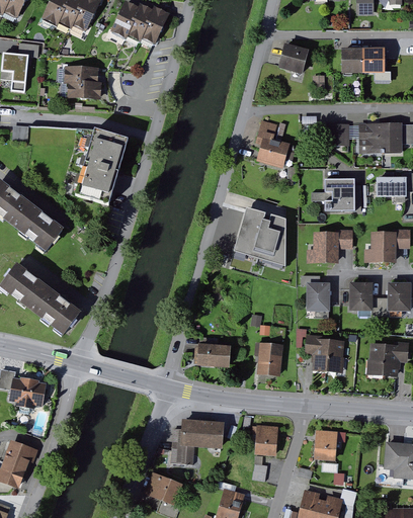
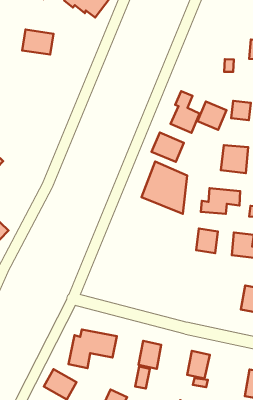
building: [279,42,309,70] -> none
building: none -> [197,101,226,130]
building: [78,131,126,194] -> none
building: none -> [152,133,184,162]
building: [309,334,348,373] -> none
building: [194,342,229,365] -> none
building: [257,342,282,373] -> none

